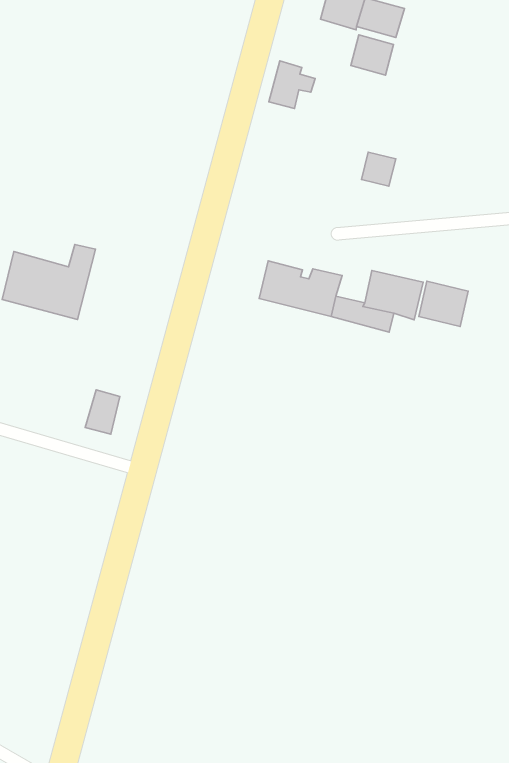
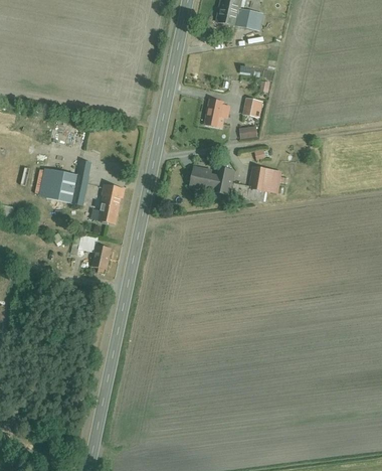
building: [351,35,393,75] -> none
building: [269,61,315,109] -> [205,100,231,127]
building: [419,281,468,326] -> none
building: none -> [96,183,124,222]

